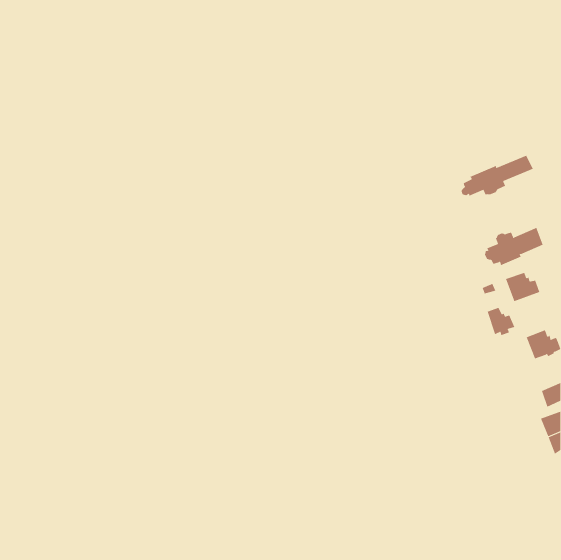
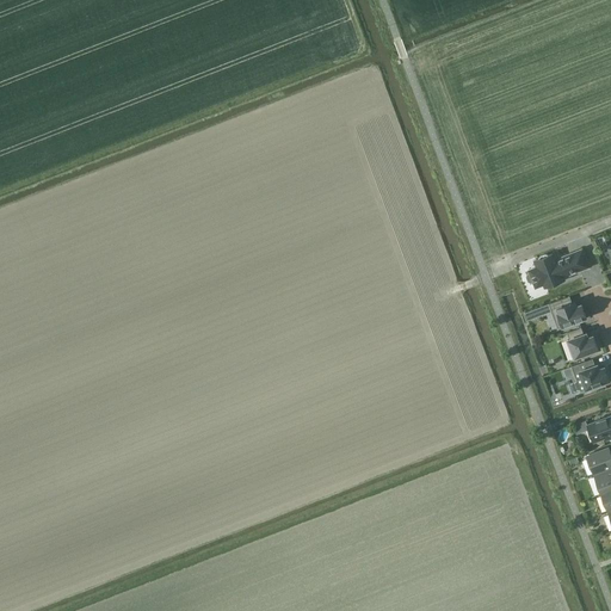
building: [461,155,533,197] -> none
building: [487,307,515,336] -> [568,328,599,359]

